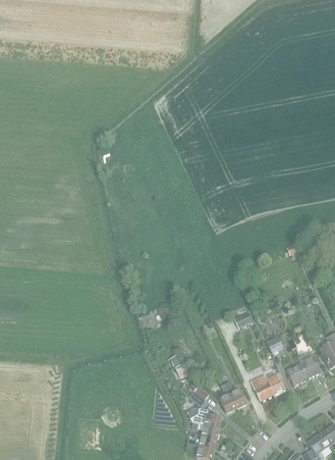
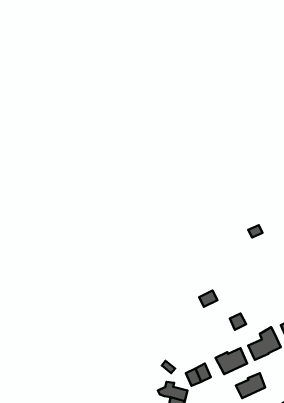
building: none -> [236,373,265,398]

